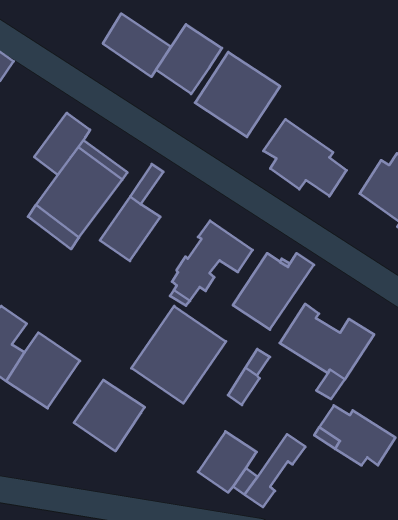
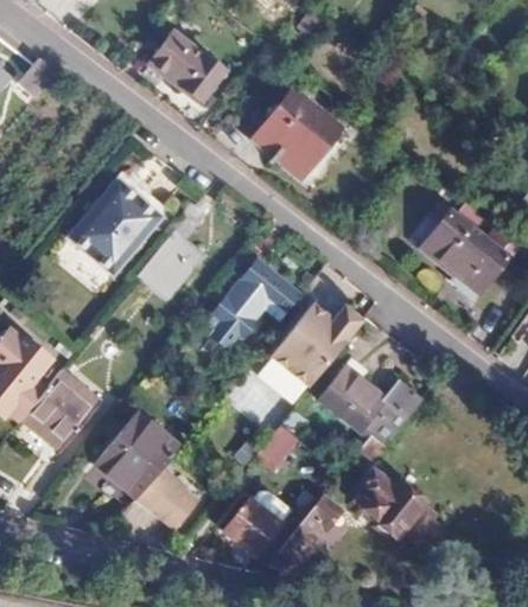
building: [156,24,222,94] -> none
building: [34,113,90,175] -> none
building: [263,119,347,196] -> none
building: [131,306,226,403] -> none
building: none -> [134,477,195,535]

